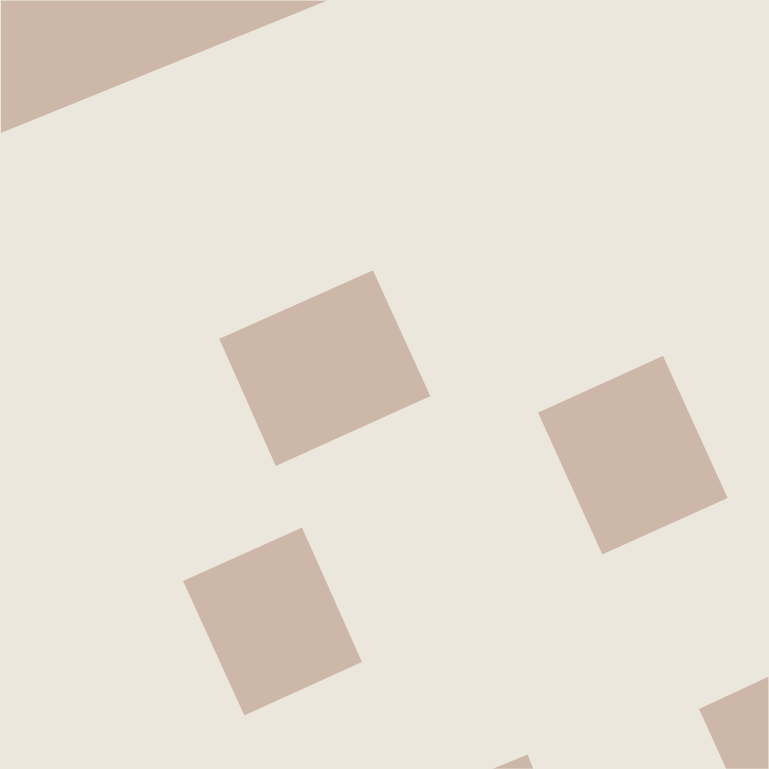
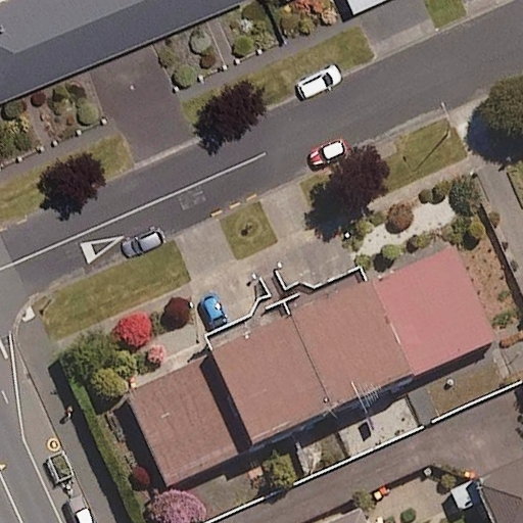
building: [219,269,431,467] -> none
building: none -> [208,280,409,447]

